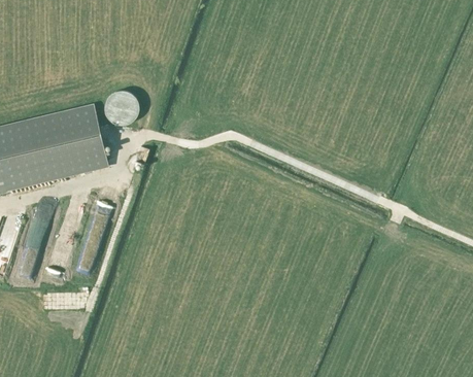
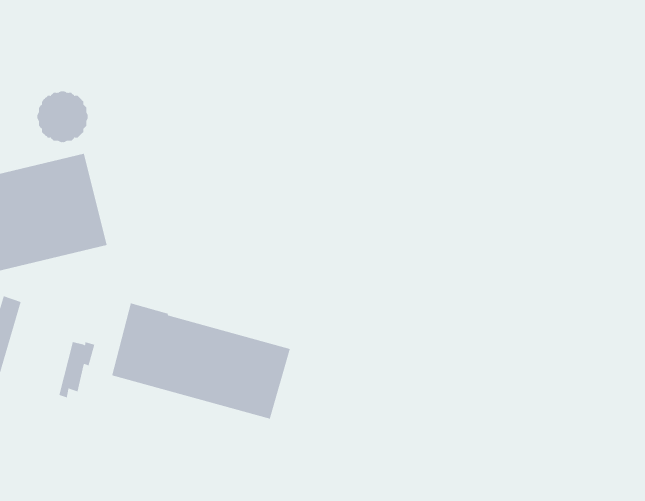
building: [104,90,139,125] -> [37,91,89,143]
building: none -> [111,302,291,420]

